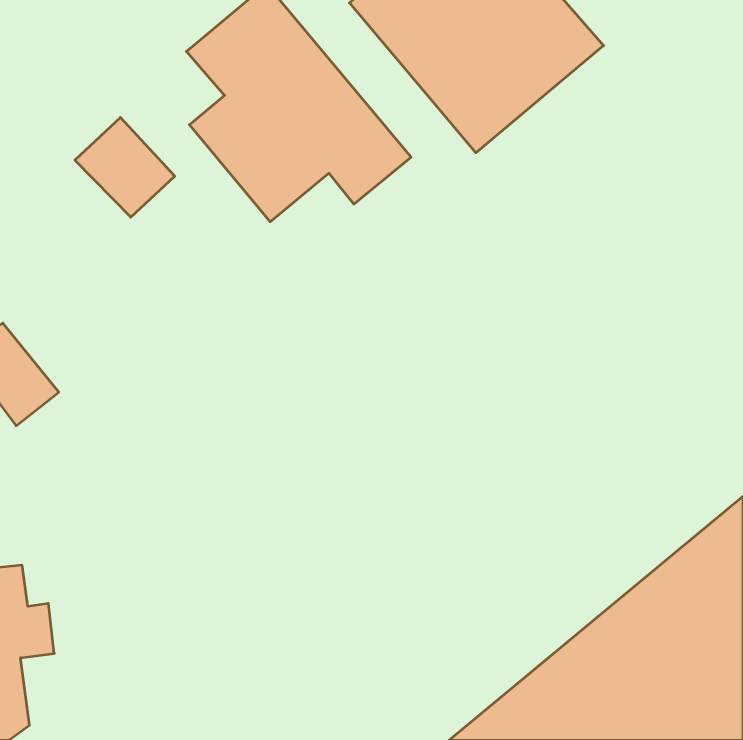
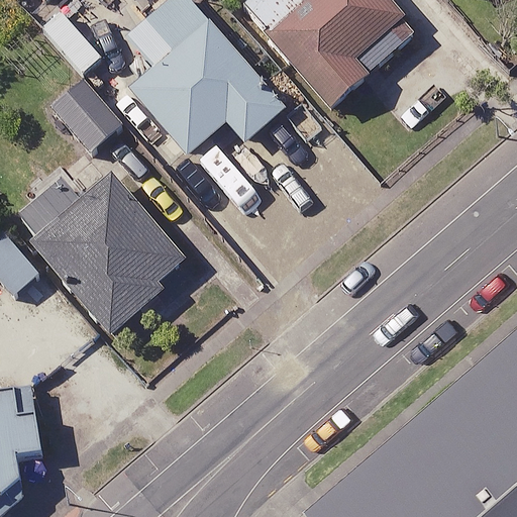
building: none -> [31,175,183,333]

